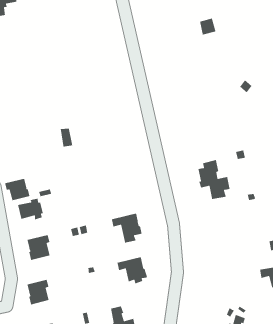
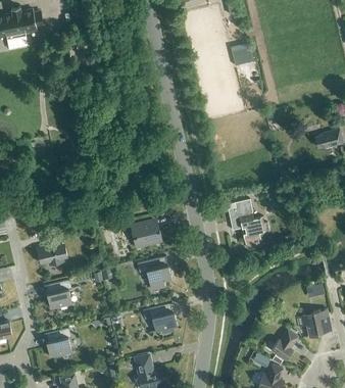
building: none -> [130,219,162,248]
building: [4,177,30,201] -> none
building: none -> [270,330,298,360]

